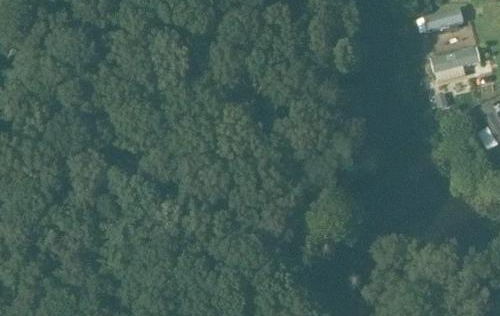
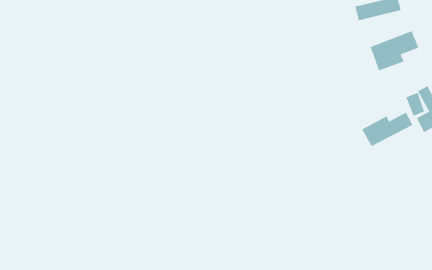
building: none -> [362,112,413,147]

